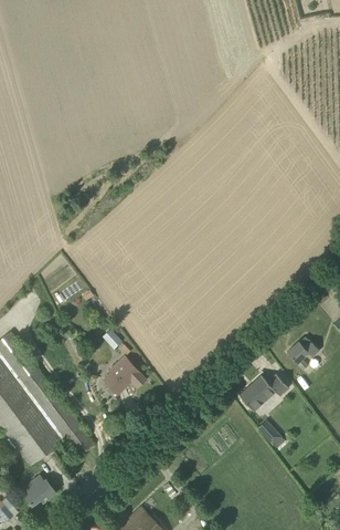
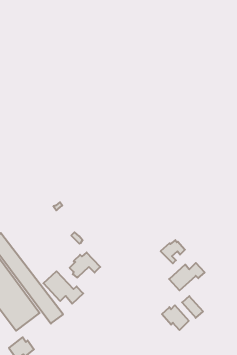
building: [287,336,320,368] -> [161,240,185,263]
building: none -> [43,271,83,304]
building: none -> [162,305,189,330]

